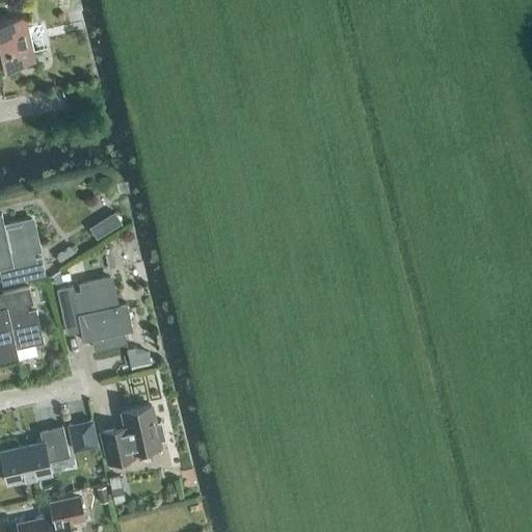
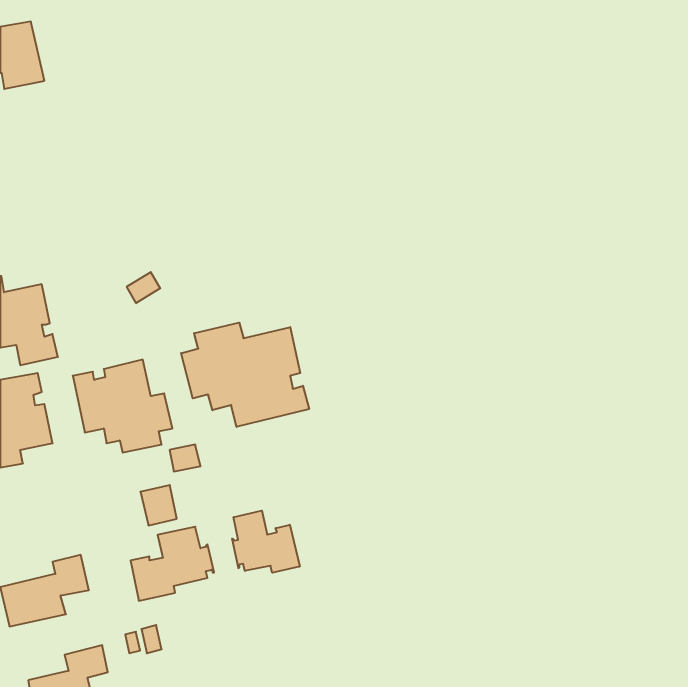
building: none -> [181,323,309,427]
building: none -> [232,511,300,573]
building: [69,423,97,454] -> [140,485,177,525]

